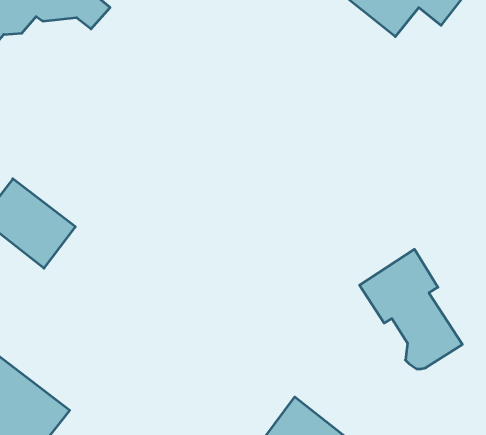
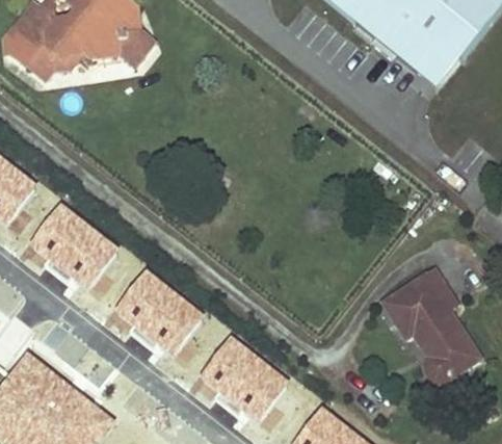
building: none -> [416,45,458,89]
building: none -> [116,268,204,351]
building: none -> [202,334,289,417]

